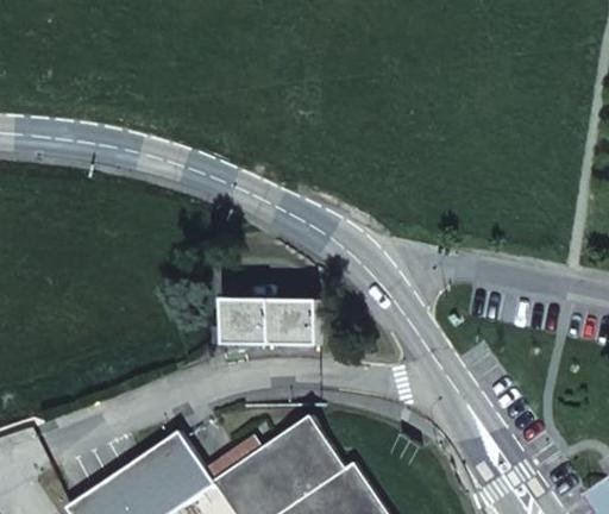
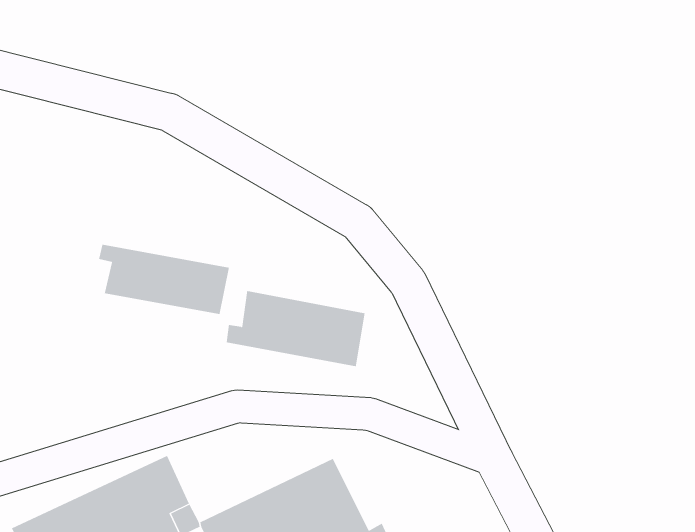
building: none -> [99,244,230,315]

